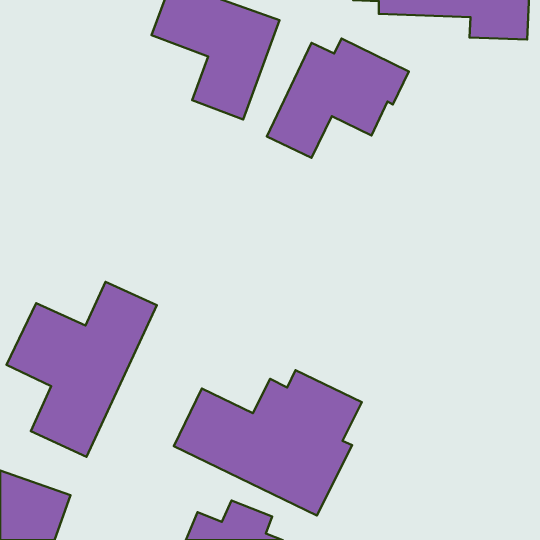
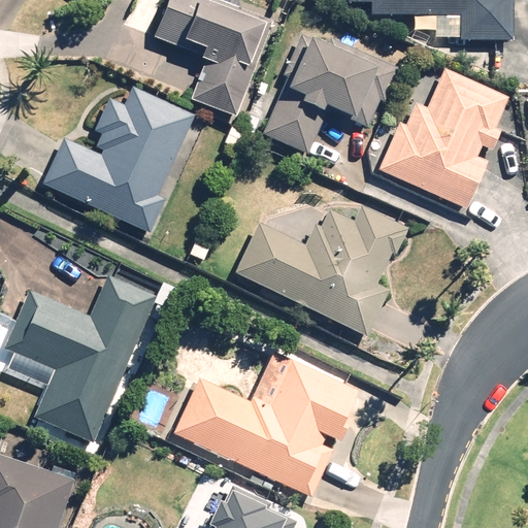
building: none -> [378,67,509,206]
building: none -> [40,89,194,233]
building: none -> [235,204,406,337]

